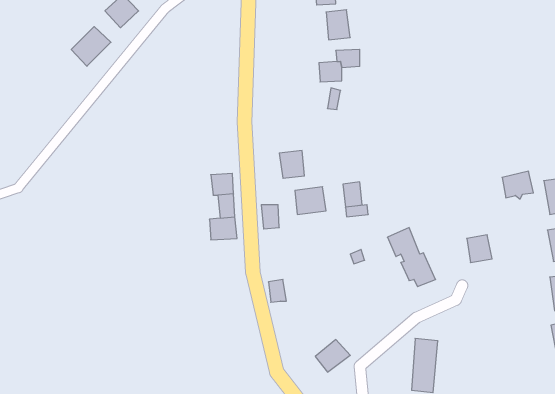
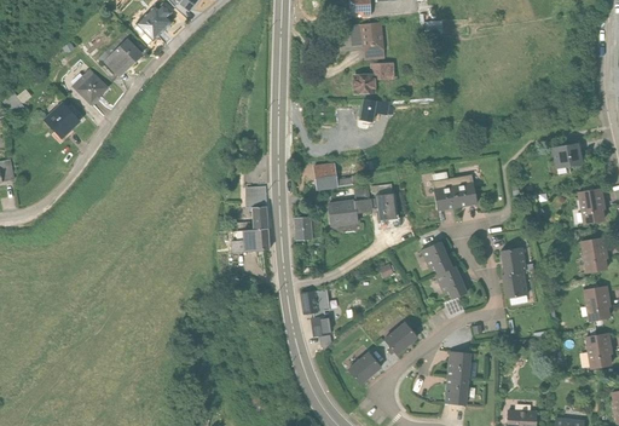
building: none -> [70,68,108,104]
building: none -> [42,100,81,139]
building: none -> [435,174,476,209]
building: [502,171,533,199] -> [553,140,584,168]
building: none -> [502,271,530,297]
building: none -> [311,289,332,338]
building: none -> [384,321,418,355]

